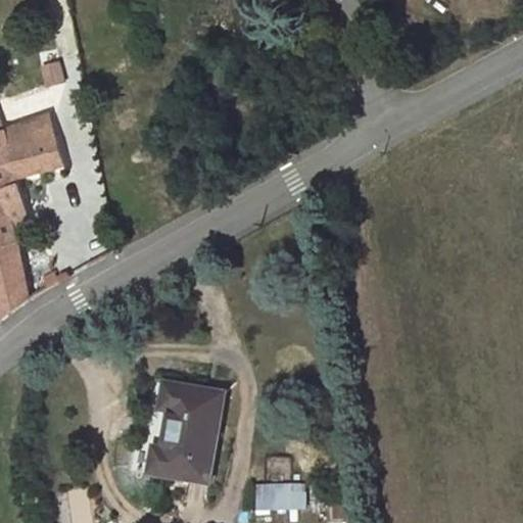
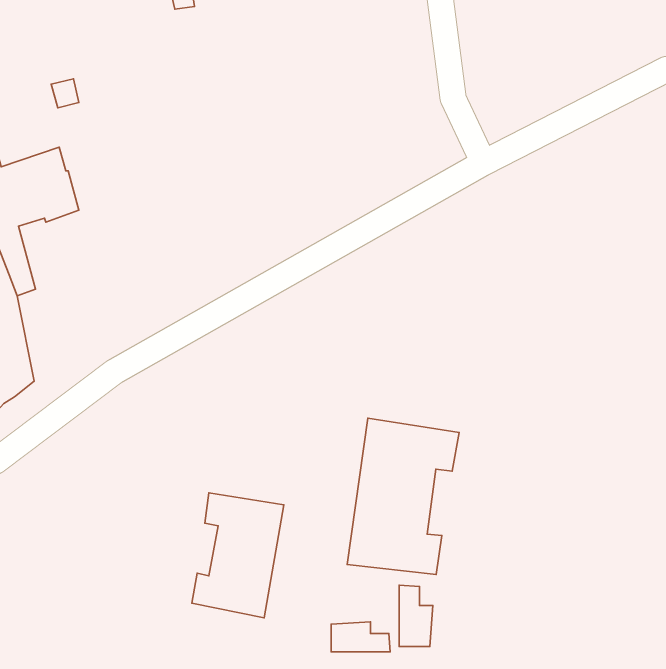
building: none -> [347,418,459,575]
building: none -> [399,585,433,646]

